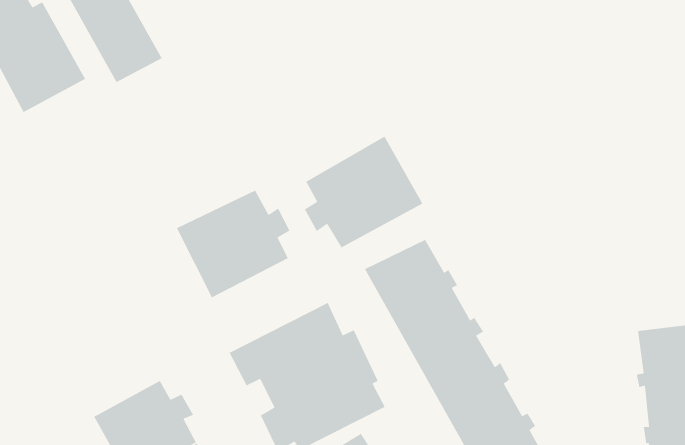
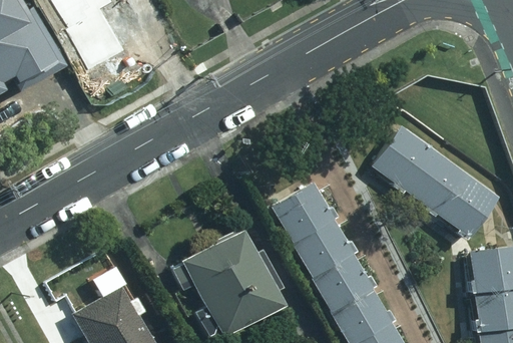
building: [304,136,424,248] -> none
building: none -> [372,125,500,238]
building: [176,189,291,298] -> none

